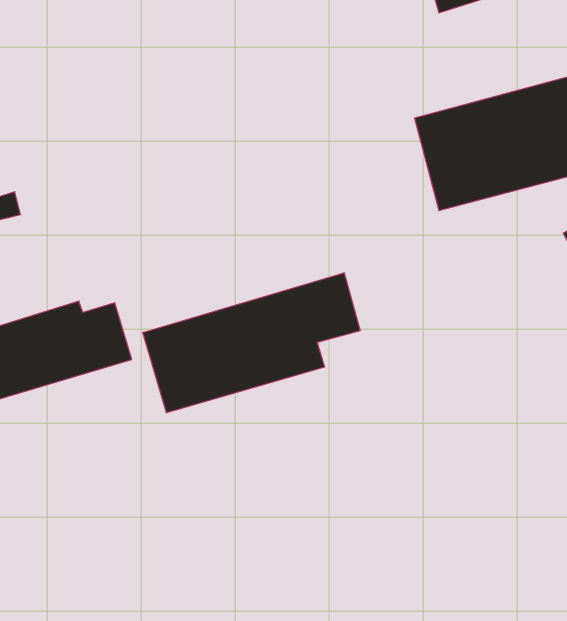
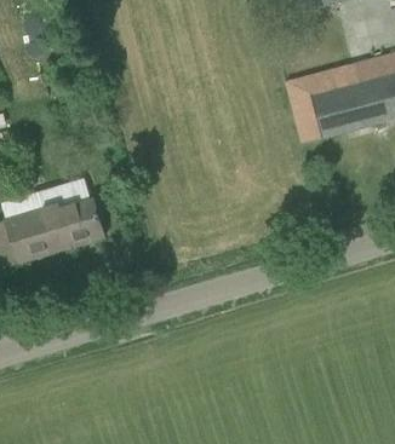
building: [143,273,360,413] -> none

